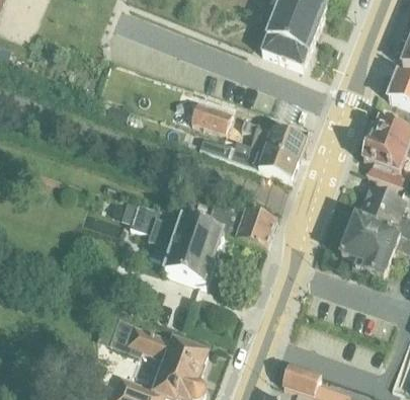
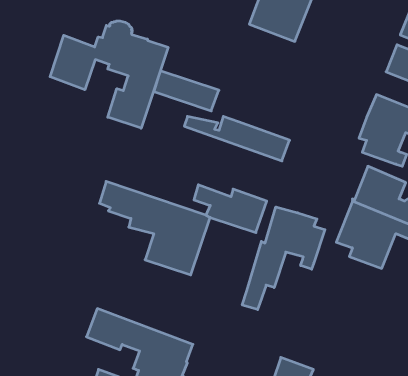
building: none -> [50,21,168,128]
building: [240,115,306,161] -> none
building: none -> [242,207,325,310]

